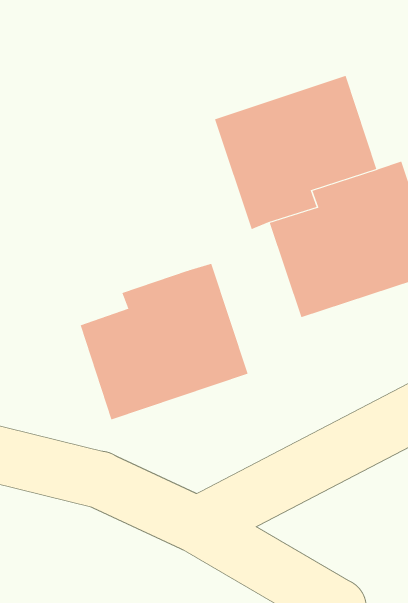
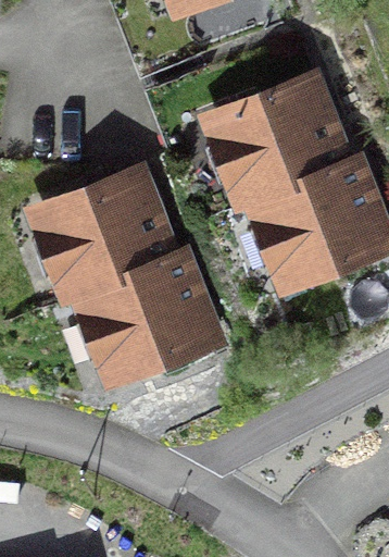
building: none -> [24,165,174,307]

